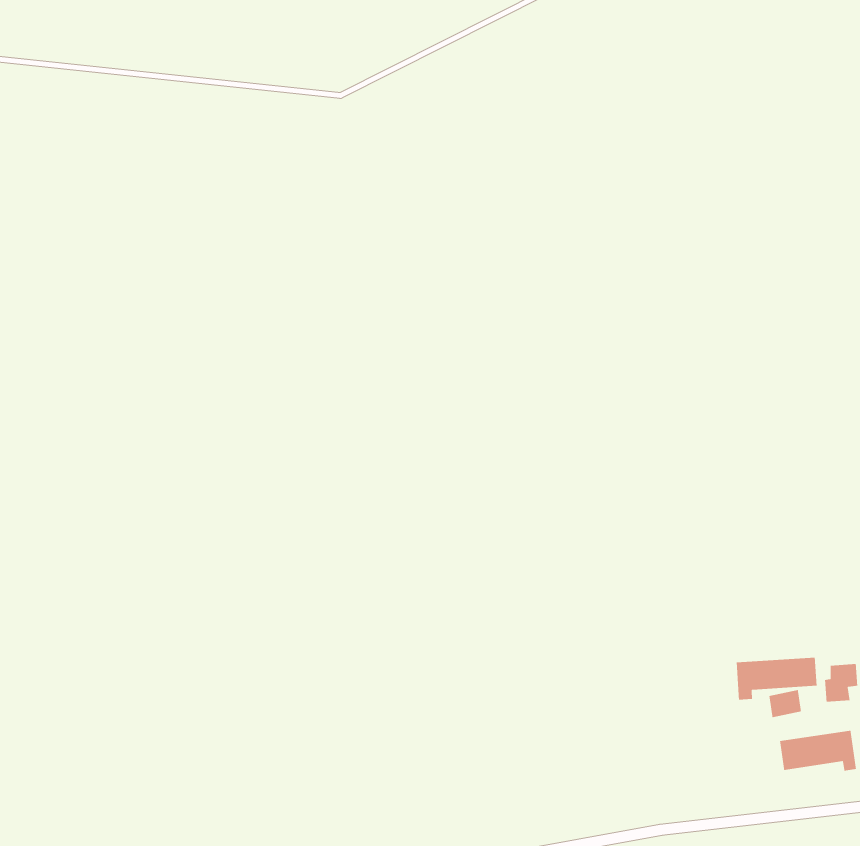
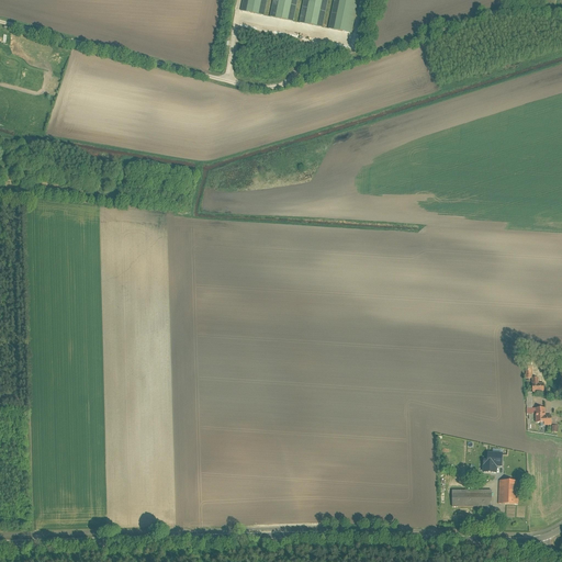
building: [736,657,818,701] -> none

